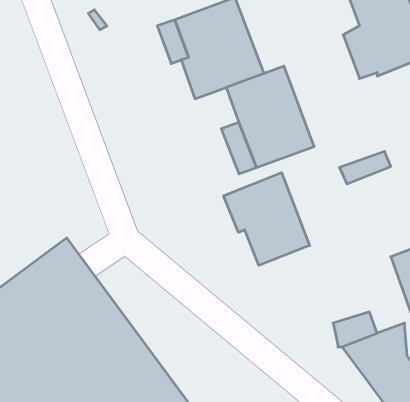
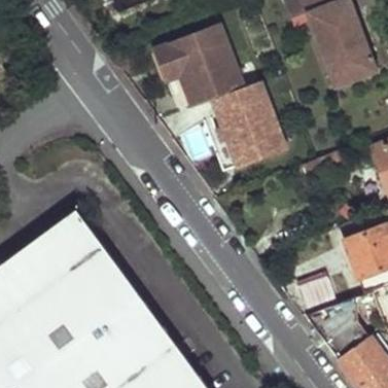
building: [224,173,310,265] -> none

